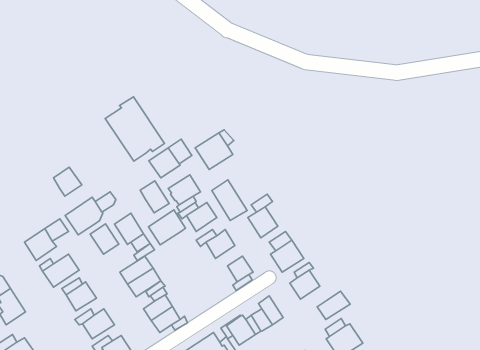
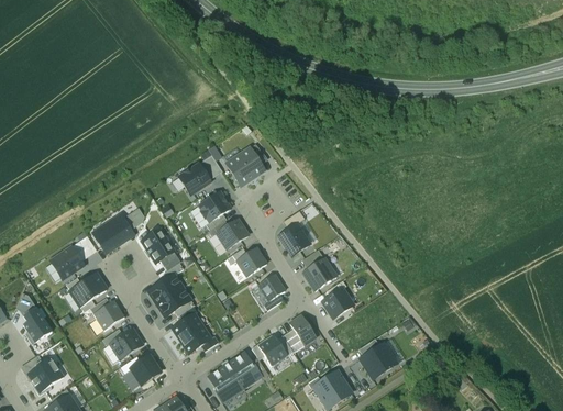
building: [105,97,164,161] -> none
building: [53,167,82,196] -> none
building: [212,180,247,221] -> none
building: [140,181,169,213] -> none
building: [149,210,186,245] -> none
building: [90,224,119,254] -> none
building: [317,291,350,320] -> none

